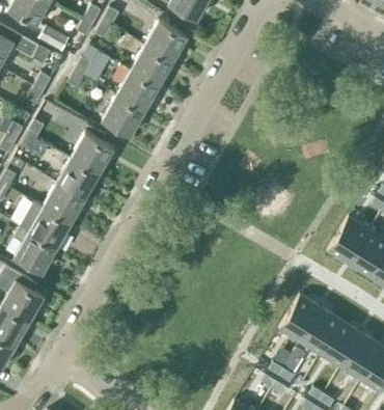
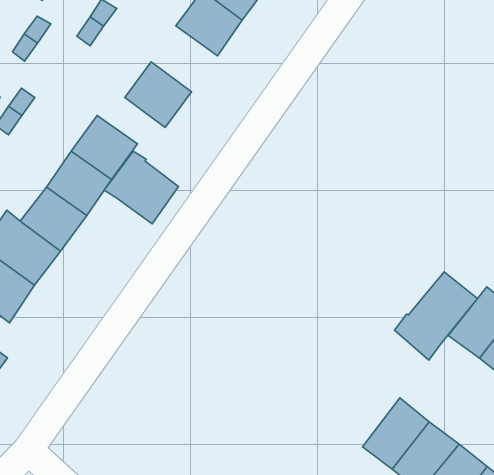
building: [117,70,160,111] -> none
building: none -> [104,151,179,224]
building: none -> [394,272,478,360]

